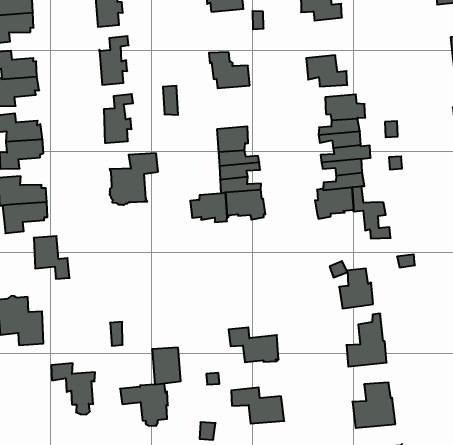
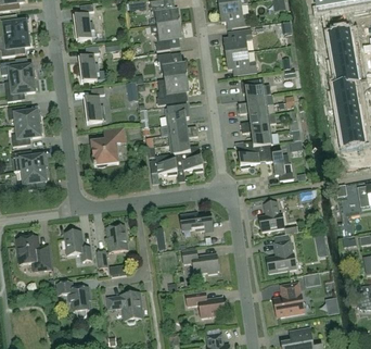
building: none -> [151,21,182,49]
building: none -> [225,27,253,53]
building: none -> [157,75,190,104]
building: [34,236,70,279] -> [65,229,92,260]
building: none -> [180,211,214,229]
building: [152,348,181,384] -> [106,224,128,251]

